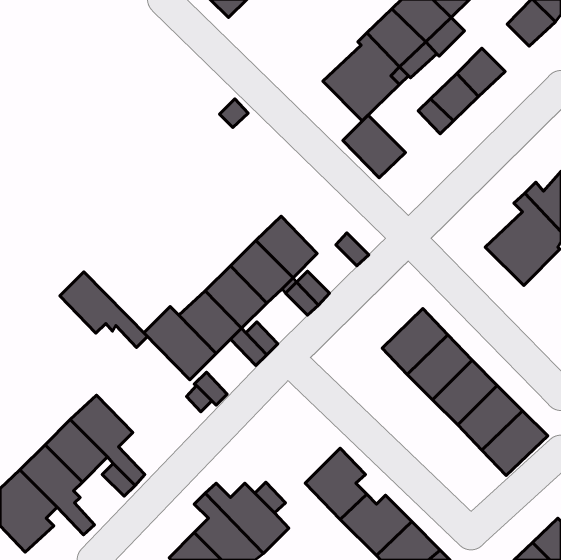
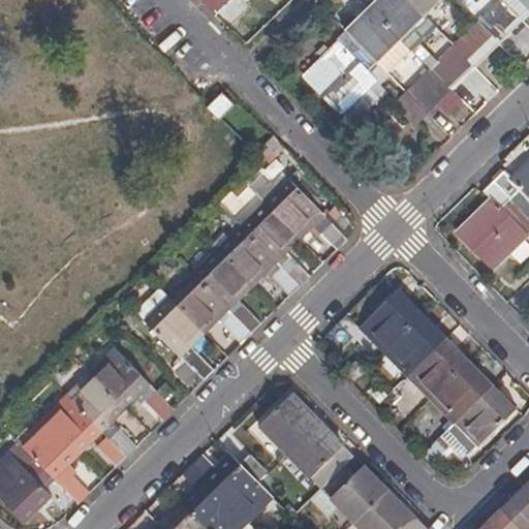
building: none -> [454,23,498,67]
building: [343,115,405,178] -> [264,180,323,239]
building: [60,272,148,348] -> [91,349,174,421]
building: none -> [259,394,320,455]

